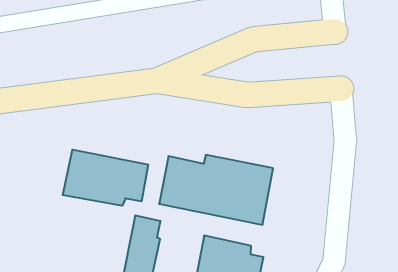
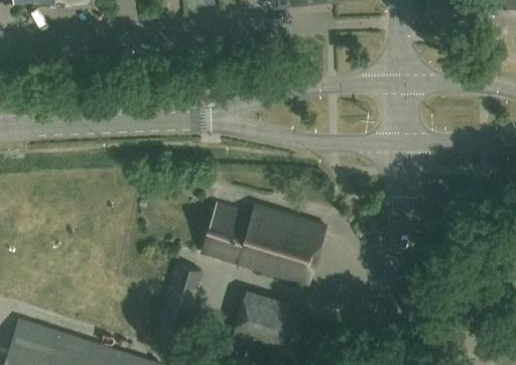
building: [63,150,148,206] -> none

